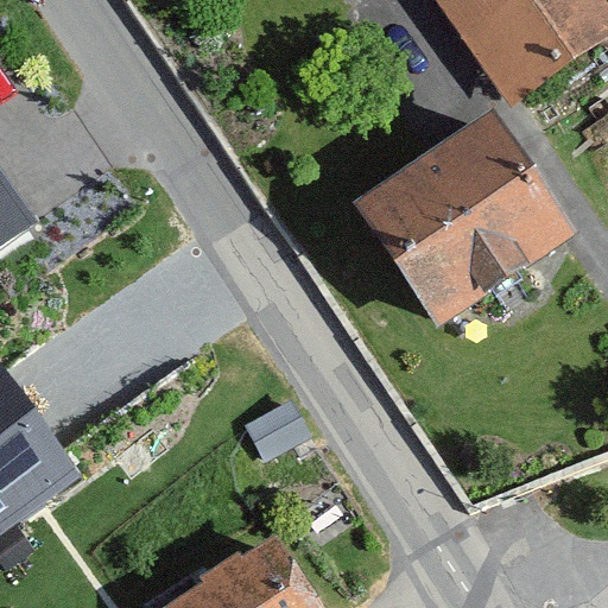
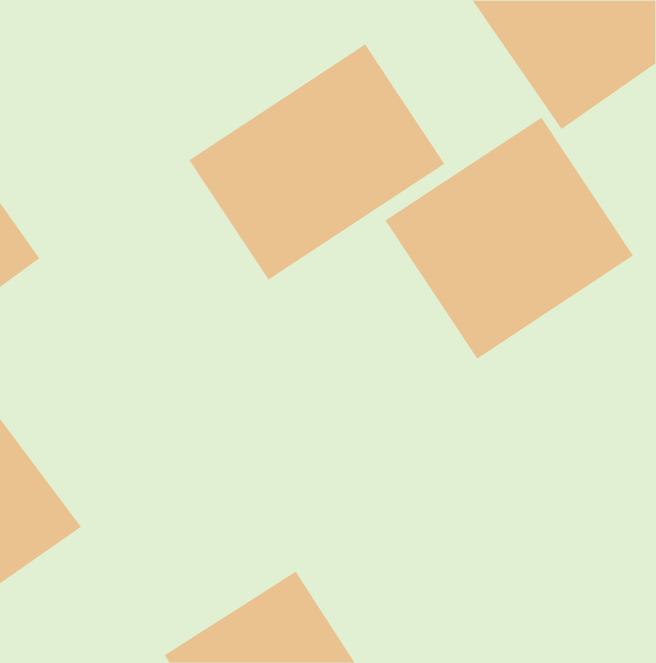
building: none -> [189,43,445,281]

